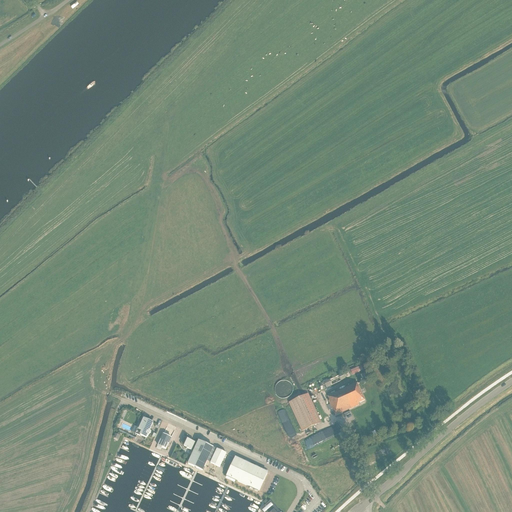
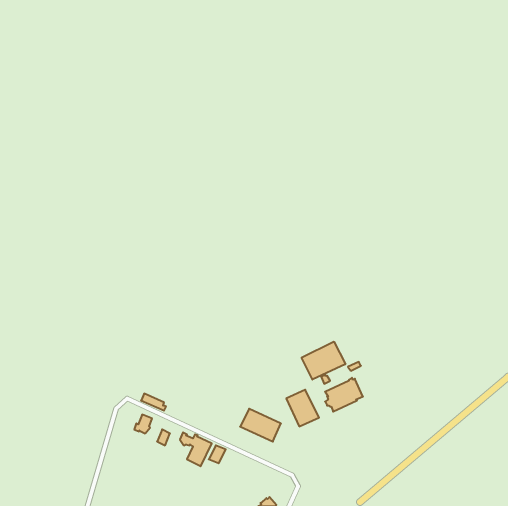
building: none -> [302,342,345,380]
building: [226,456,267,489] -> [240,409,281,442]

